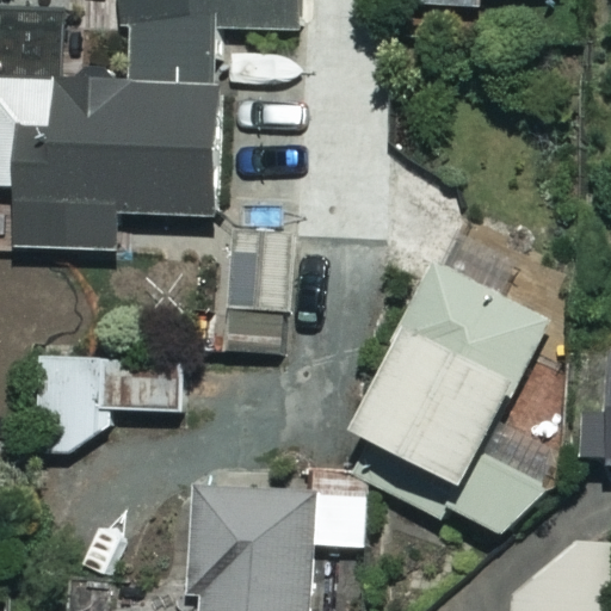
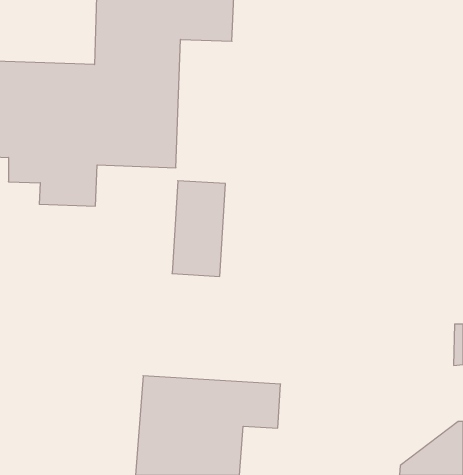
building: [363,270,547,539] -> none
building: [51,359,187,445] -> none

